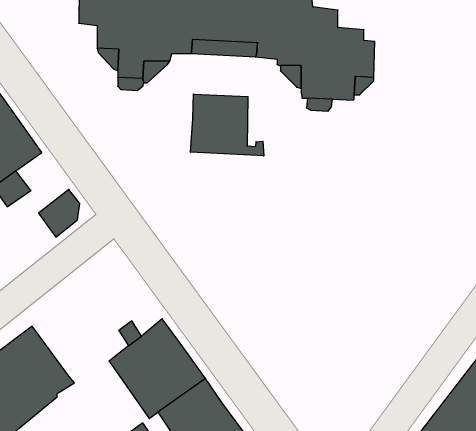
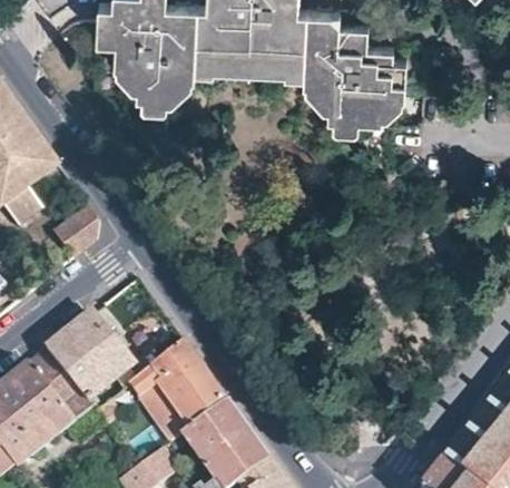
building: [191,94,264,156] -> none
building: none -> [50,311,135,398]

